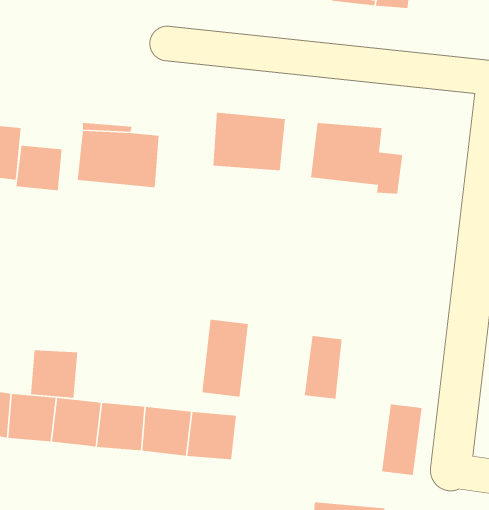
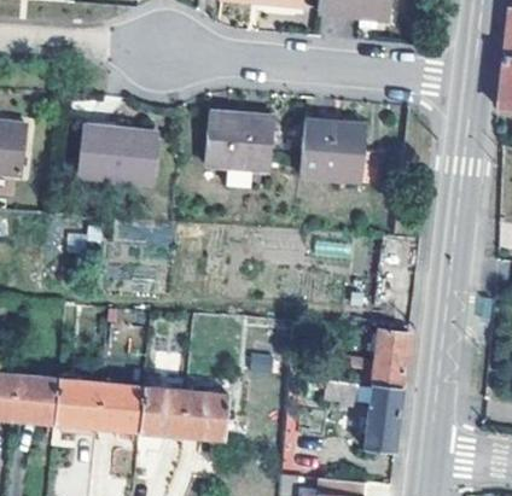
building: [16,145,63,191] -> none
building: [201,319,249,398] -> none
building: [304,335,343,400] -> [372,329,408,390]
building: [30,349,78,399] -> none

